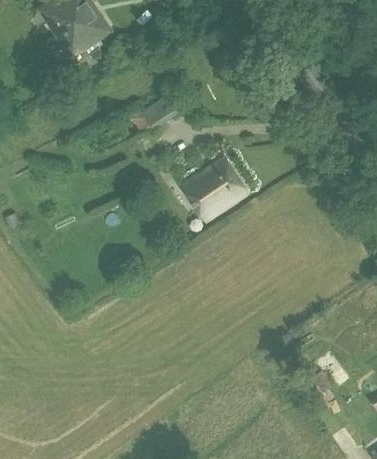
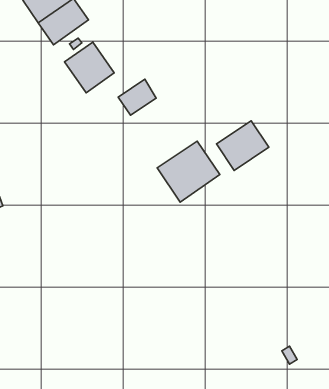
building: none -> [65,42,114,93]
building: none -> [216,121,269,170]

